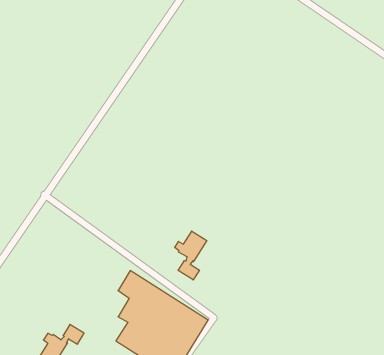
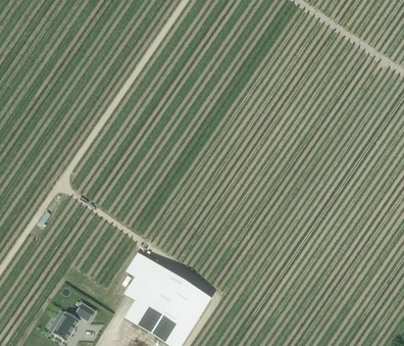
building: [175,231,207,280] -> none

